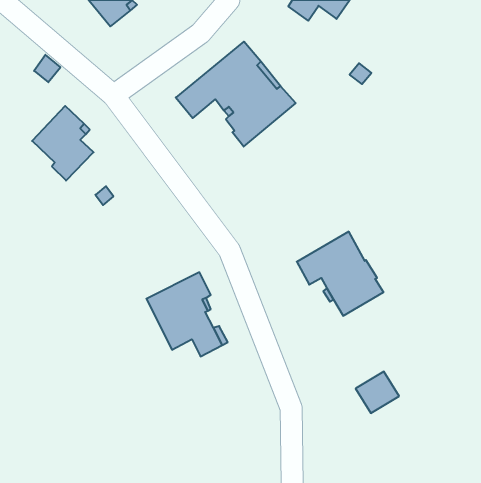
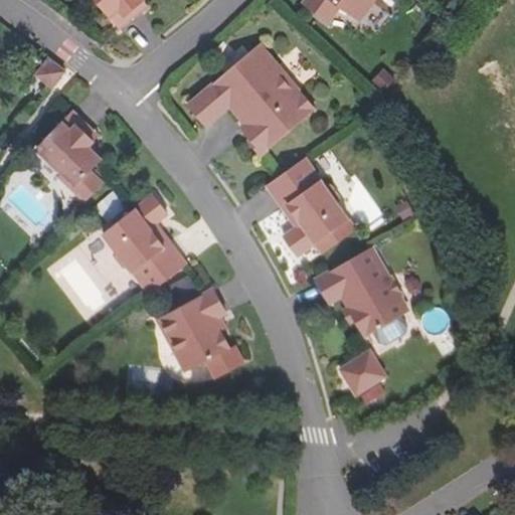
building: none -> [266,158,348,255]
building: none -> [102,195,185,294]
building: [356,372,399,413] -> [339,350,385,394]

